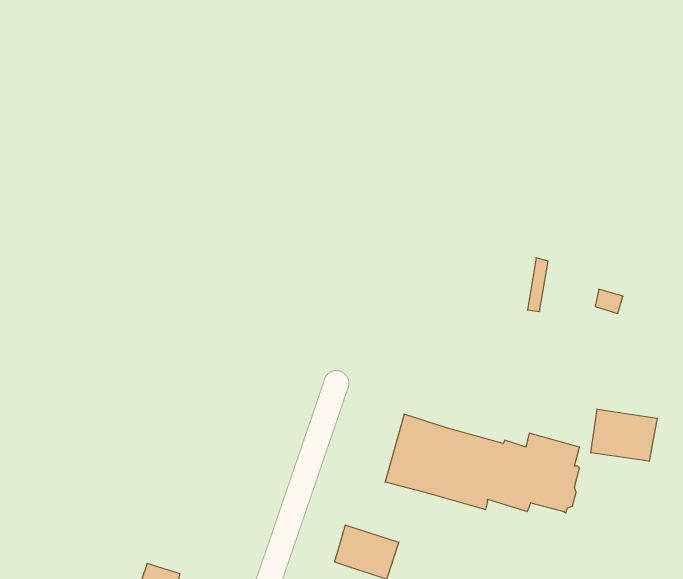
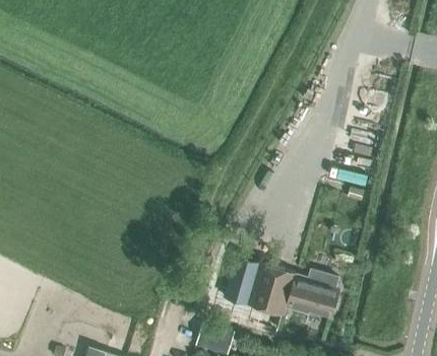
building: [591,409,657,461] -> none

